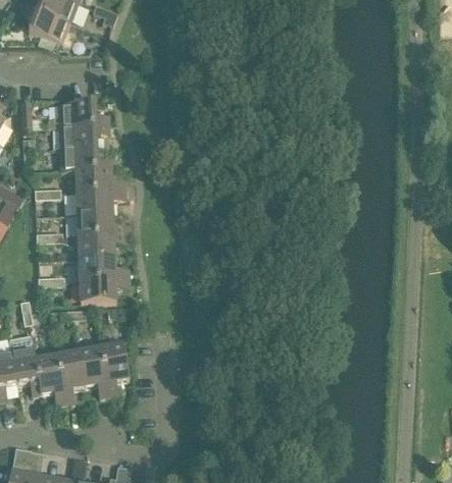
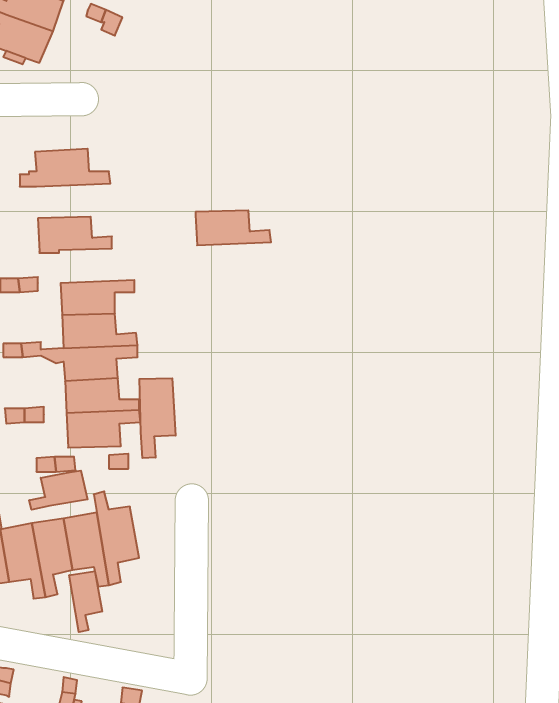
building: [59,125,109,149] -> none
building: [74,169,125,193] -> [196,210,271,245]
building: none -> [139,378,176,458]
building: none -> [29,471,88,510]
building: none -> [69,571,102,632]

